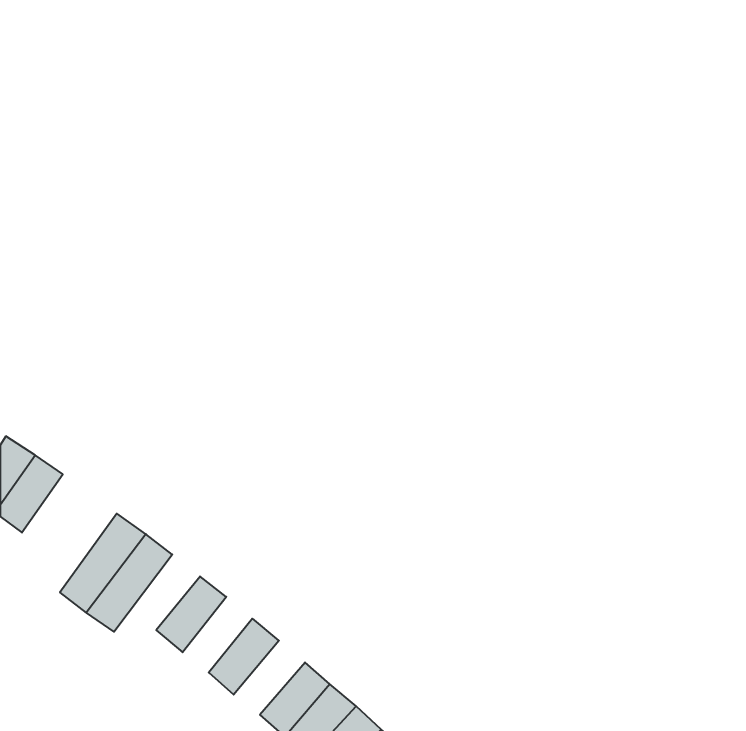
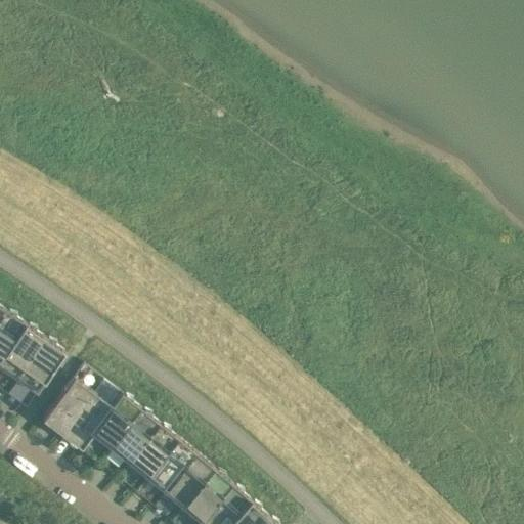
building: none -> [15,343,63,397]
building: none -> [80,399,140,454]
building: none -> [128,429,177,482]
building: none -> [164,460,214,512]

